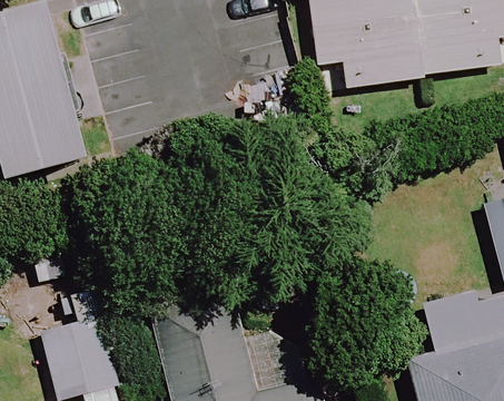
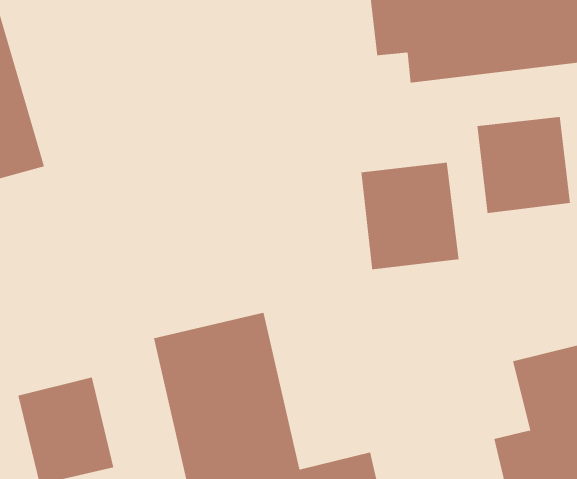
building: none -> [477,116,570,214]
building: none -> [361,162,459,270]

